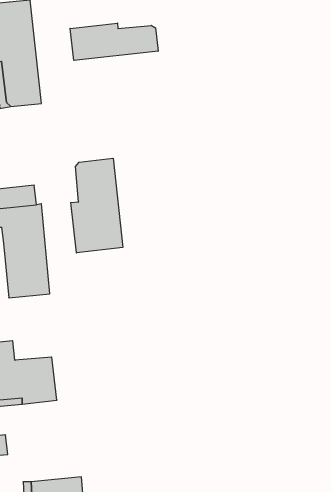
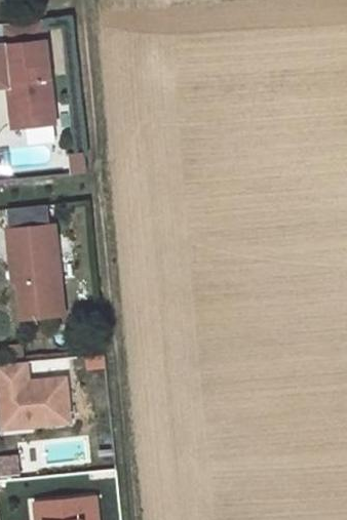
building: [70,23,158,60] -> none
building: [71,158,123,253] -> none

